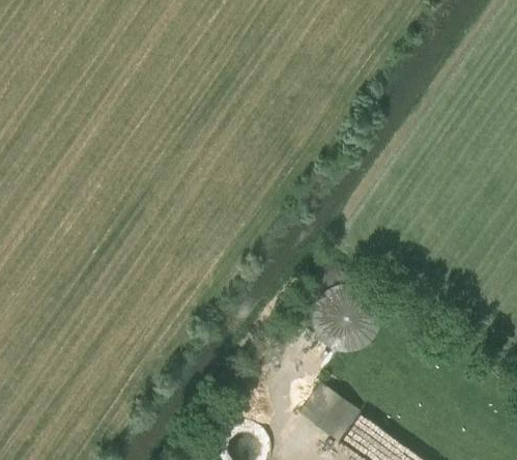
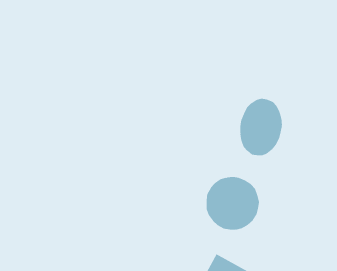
building: none -> [240,98,282,156]

